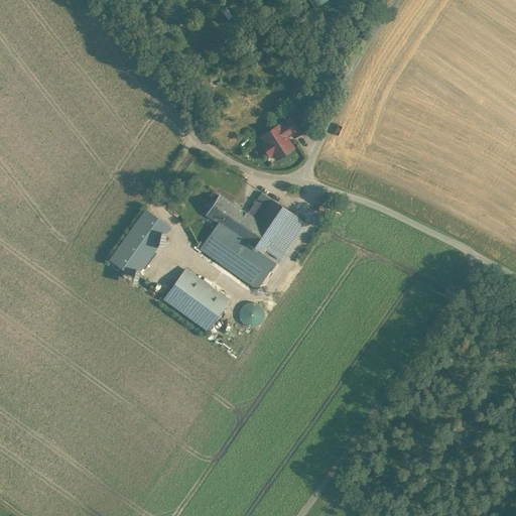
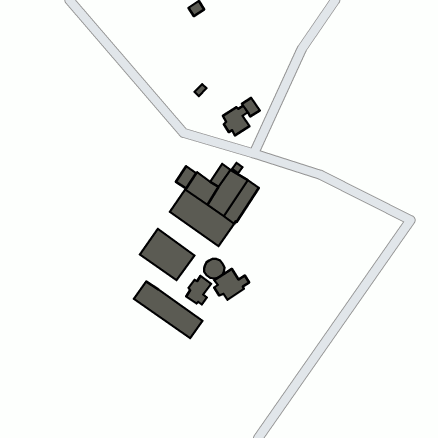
building: [110,210,170,277] -> none
building: none -> [214,269,249,300]
building: none -> [186,276,211,305]
building: none -> [134,281,202,338]

